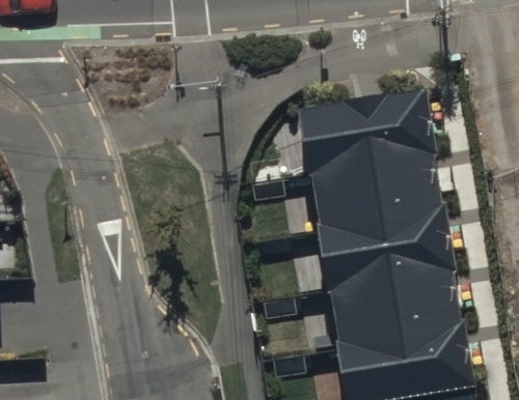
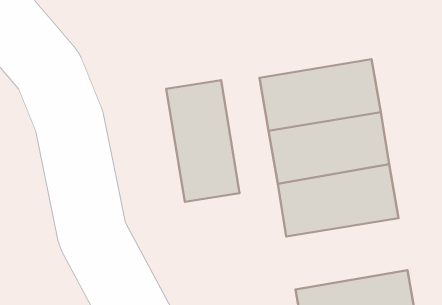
building: none -> [166,80,240,202]
building: [326,268,462,348] -> none

